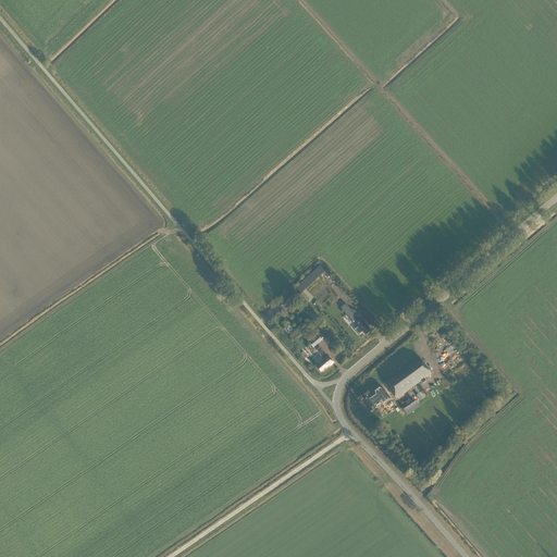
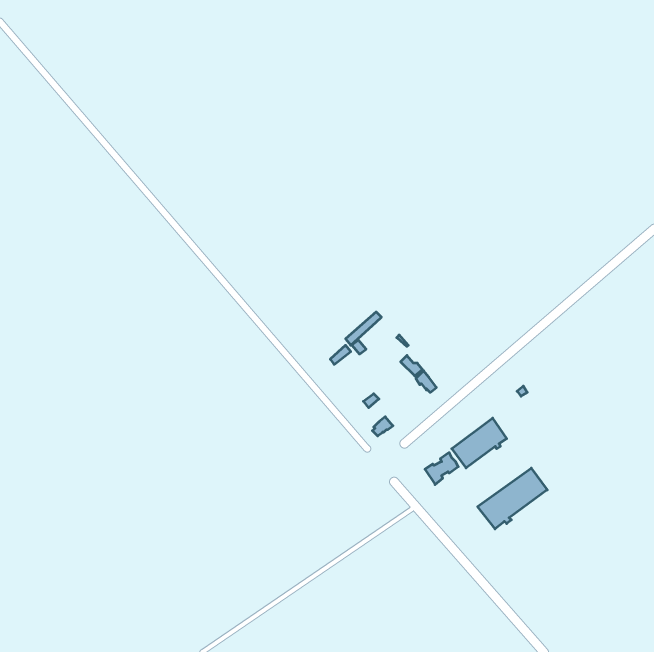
building: none -> [478,468,547,529]

